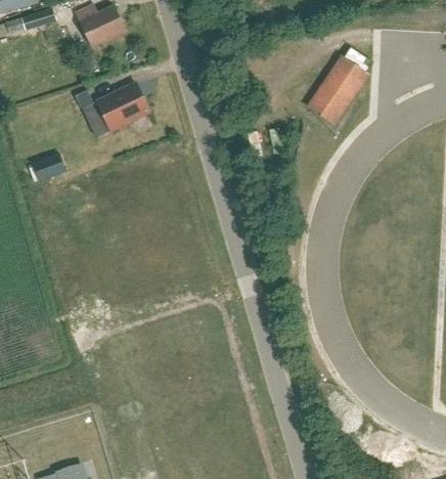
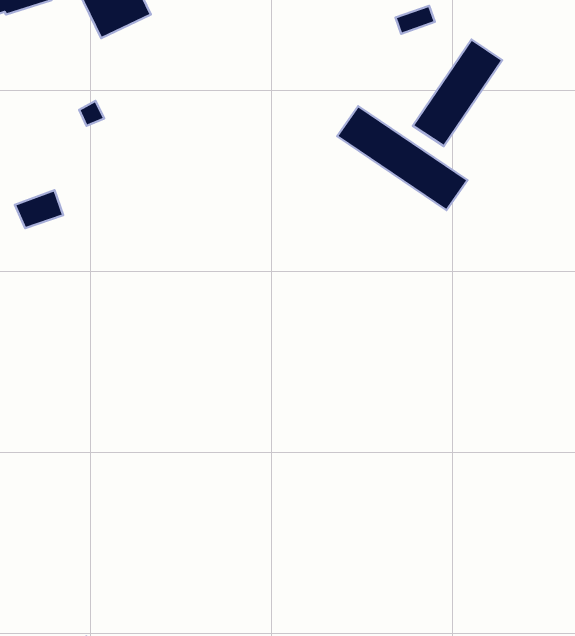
building: [95,84,148,132] -> none
building: none -> [337,106,467,210]

